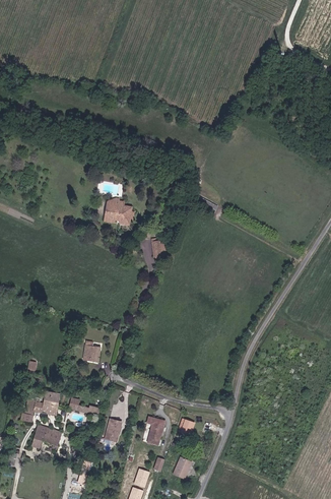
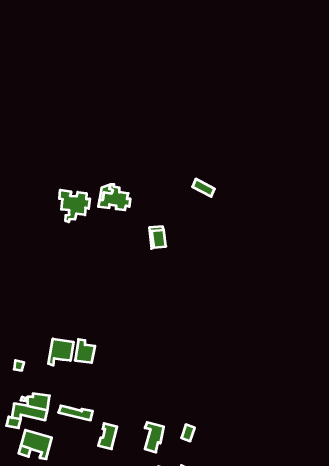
building: none -> [59,190,90,222]
building: none -> [48,339,73,365]

